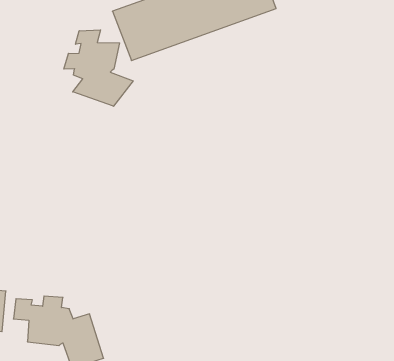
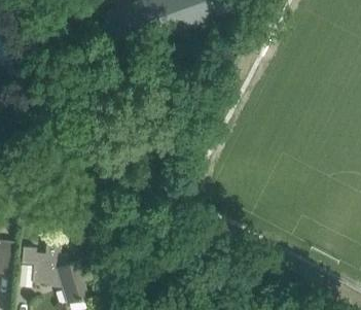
building: [64,30,133,106] -> none

